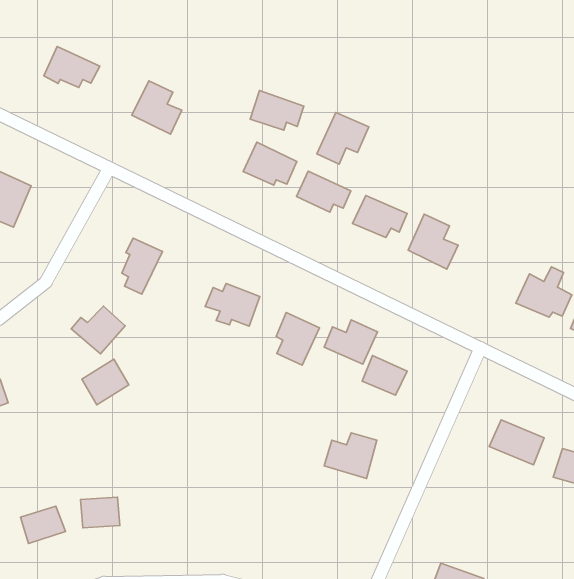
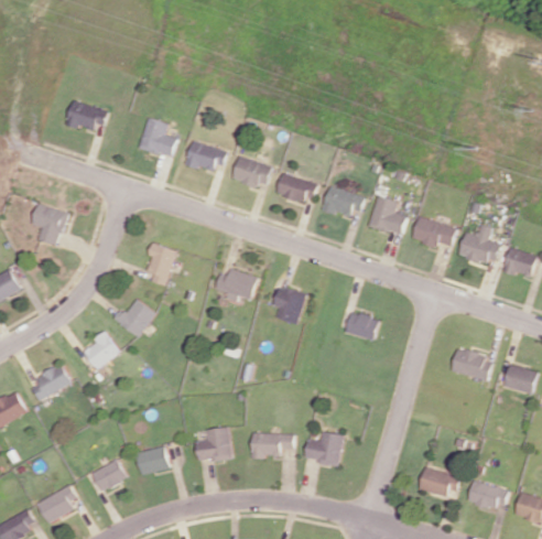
building: [250,91,304,130] -> [186,142,227,171]
building: [317,113,369,164] -> none
building: none -> [411,217,456,246]
building: [324,320,378,364] -> none
building: [82,359,129,405] -> [82,332,119,369]
building: [324,433,377,478] -> [304,431,343,465]
building: none -> [196,427,231,462]
building: none -> [251,433,294,459]

